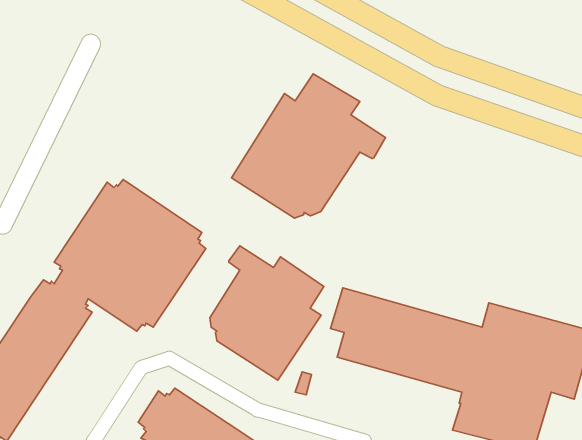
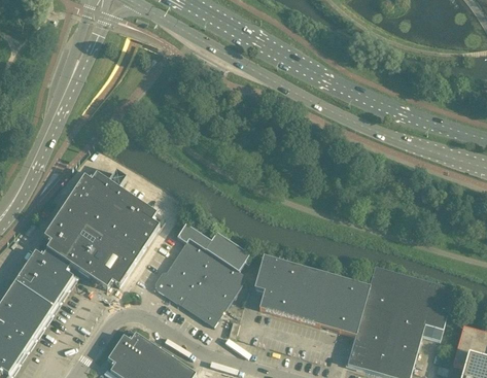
building: [232,74,385,218] -> none

